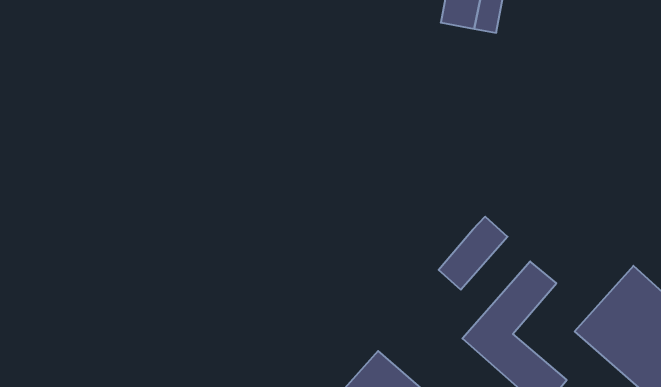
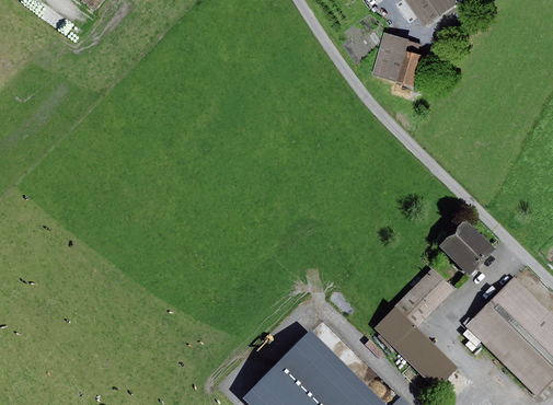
building: none -> [441,222,494,275]
building: [439,217,508,290] -> none

